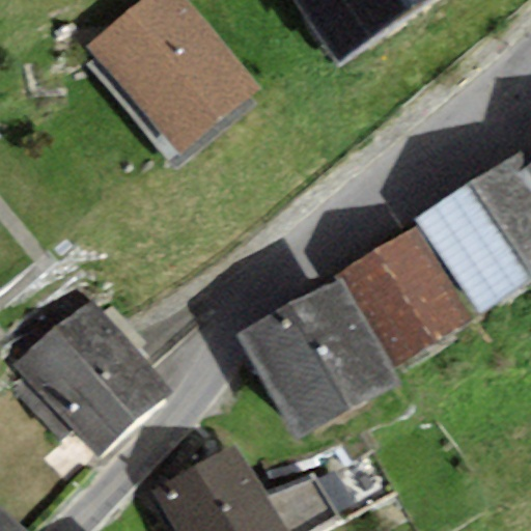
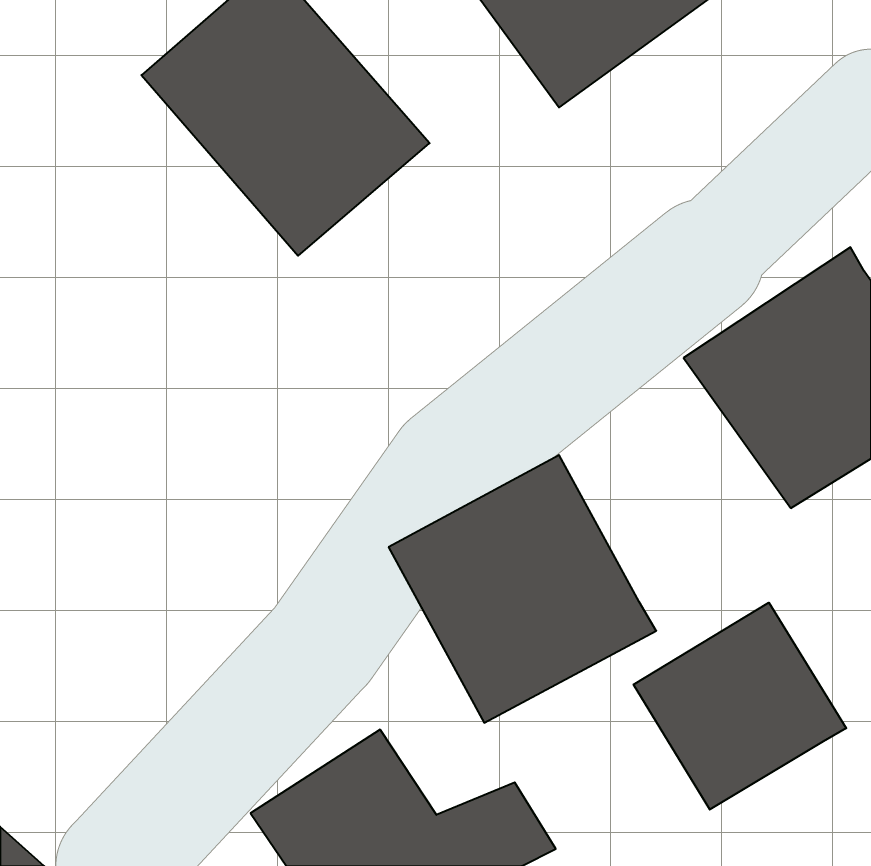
building: [337,227,473,366] -> none
building: [13,298,170,455] -> none
building: none -> [634,603,846,810]

